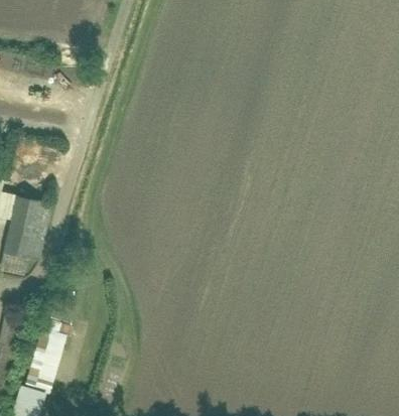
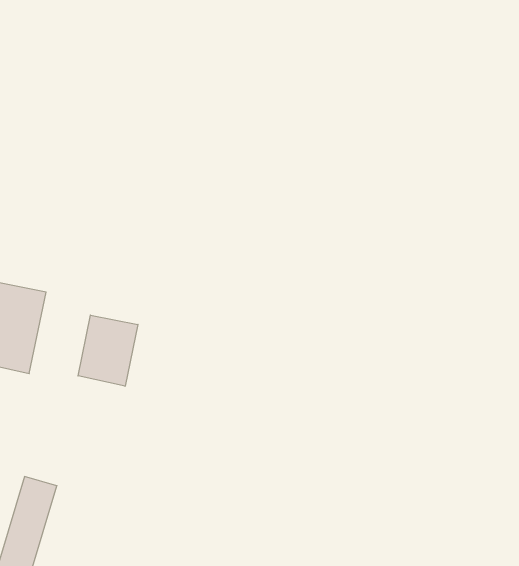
building: none -> [78,315,138,386]

